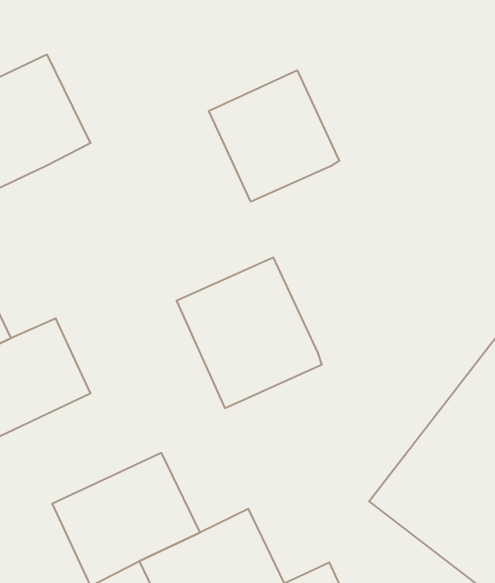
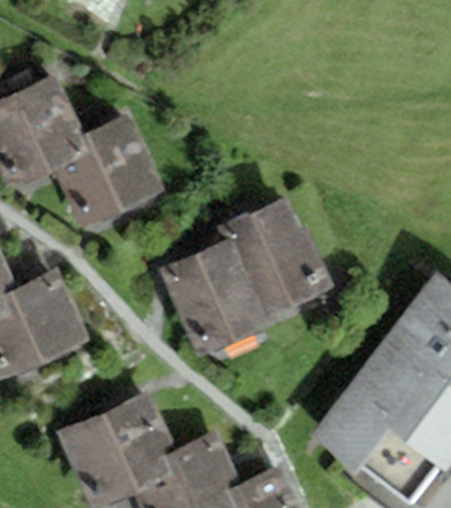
building: [209,70,339,202] -> none
building: none -> [54,123,164,226]
building: none -> [231,193,335,314]

